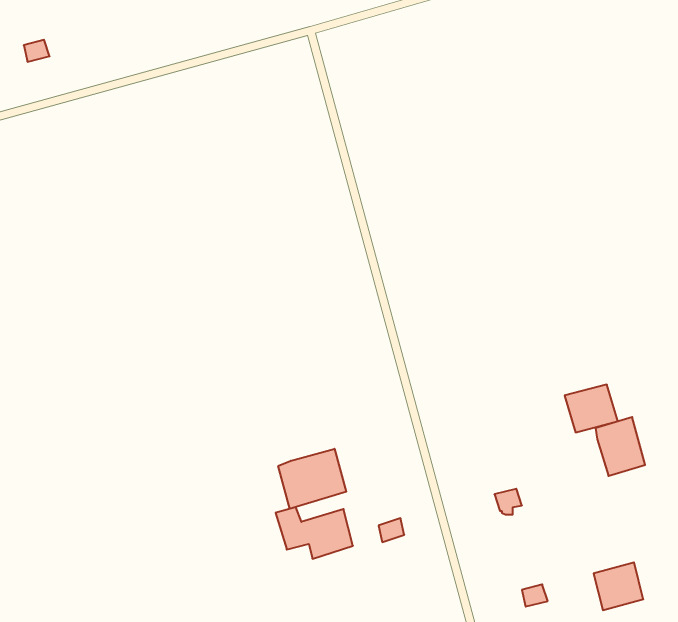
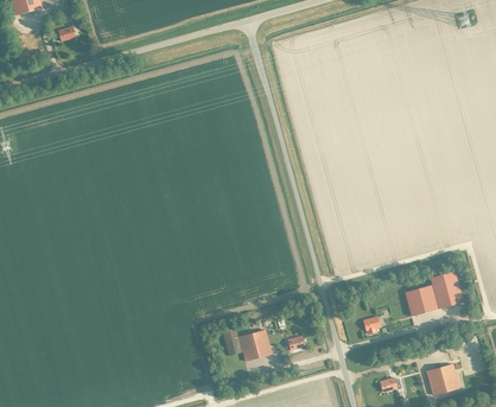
building: [565,385,618,432] -> [402,285,437,316]
building: [278,449,346,509] -> none

